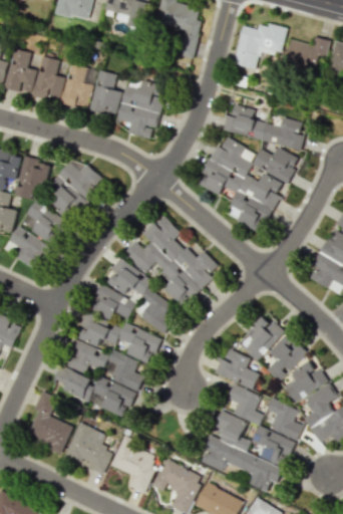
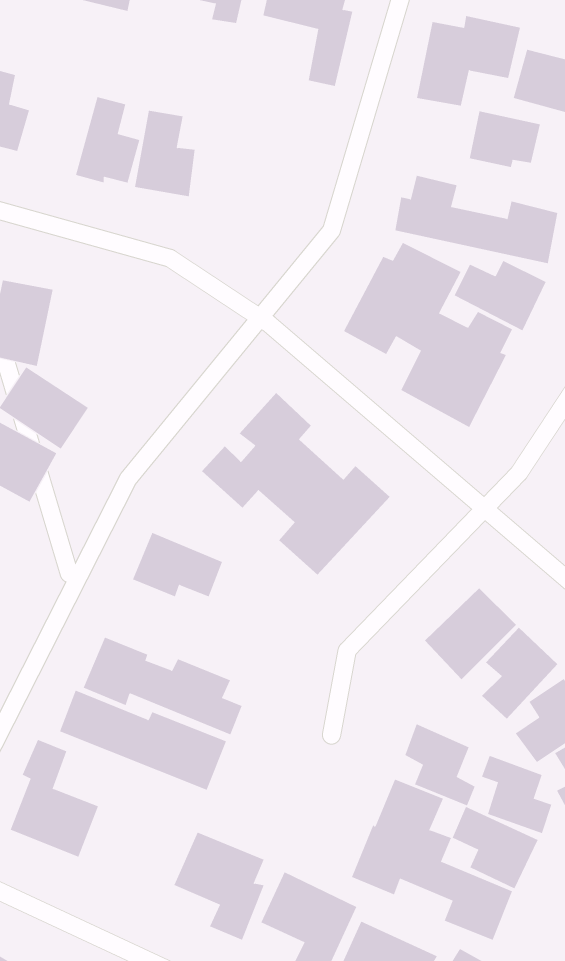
building: [32,55,64,99] -> none
building: none -> [469,111,540,168]
building: [117,80,165,139] -> none
building: [48,156,103,220] -> none
building: [107,257,176,334] -> none
building: [78,312,161,363] -> none
building: [215,348,259,389] -> none
building: [66,423,112,473] -> none

